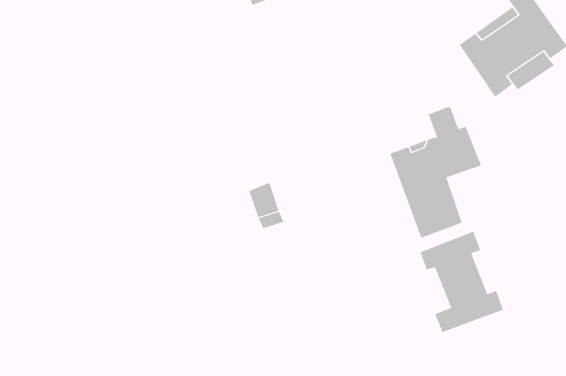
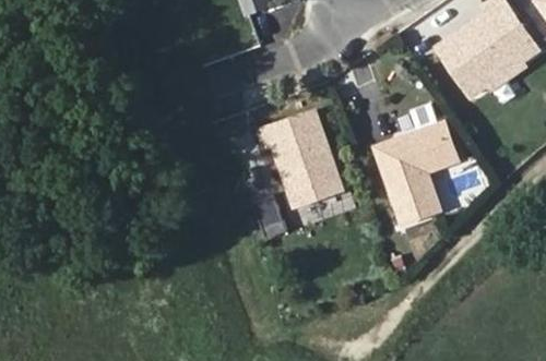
building: none -> [260,110,343,207]
building: [420,231,503,333] -> none

